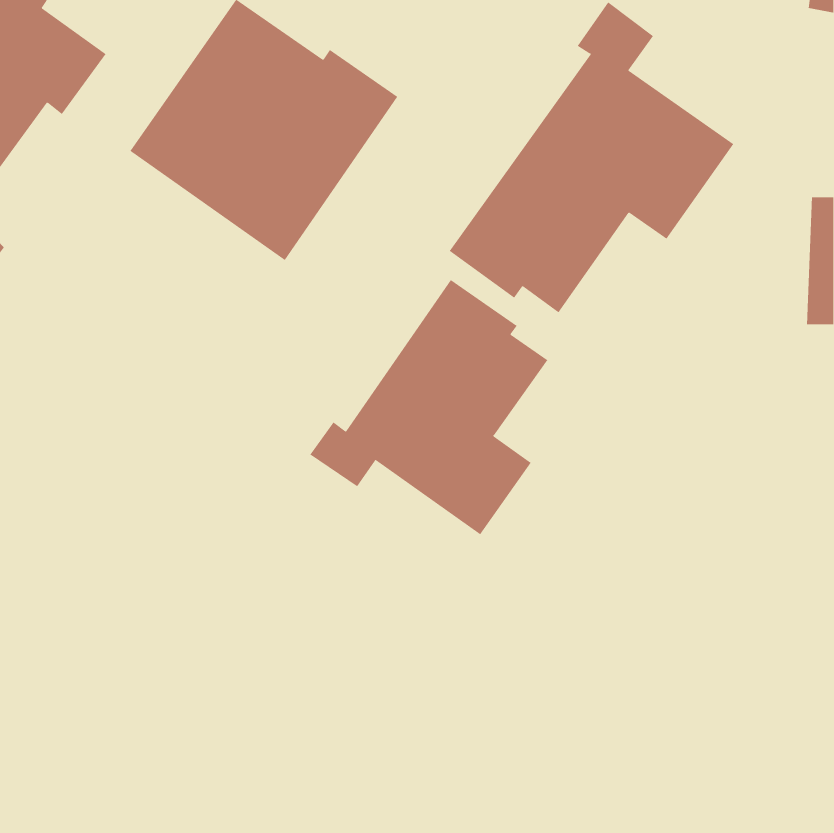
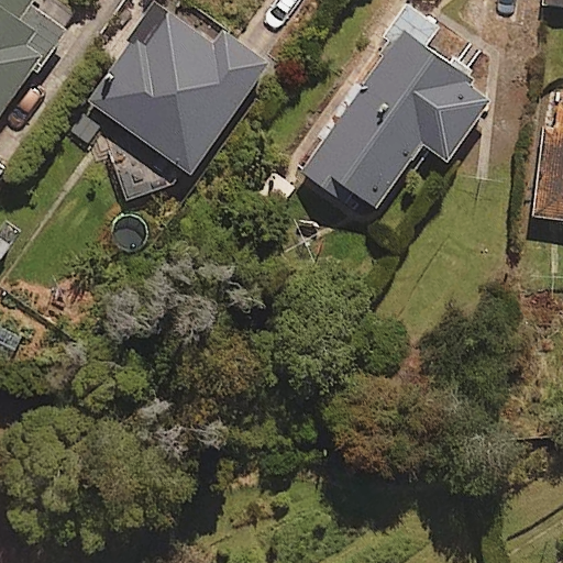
building: [310,279,548,535] -> none

